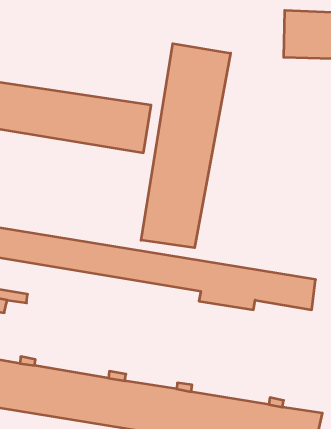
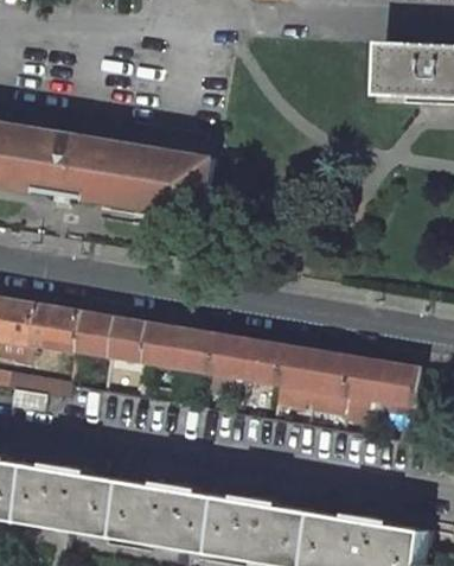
building: [141,44,231,248] -> none

